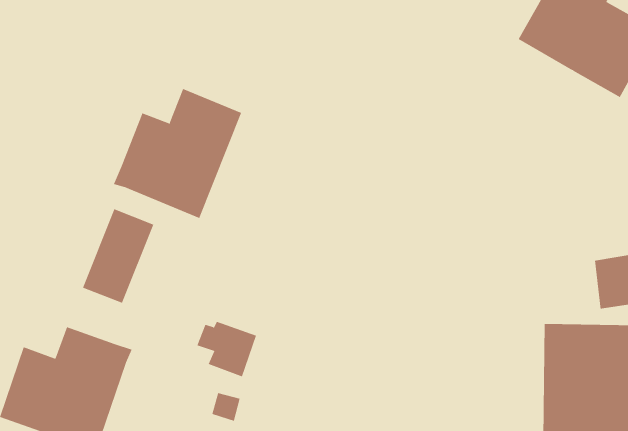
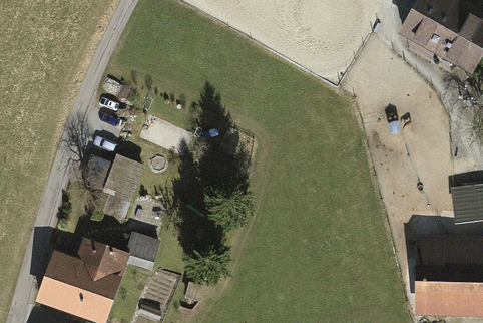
building: [113,88,242,219] -> none
building: [196,321,257,377] -> [118,231,160,270]

